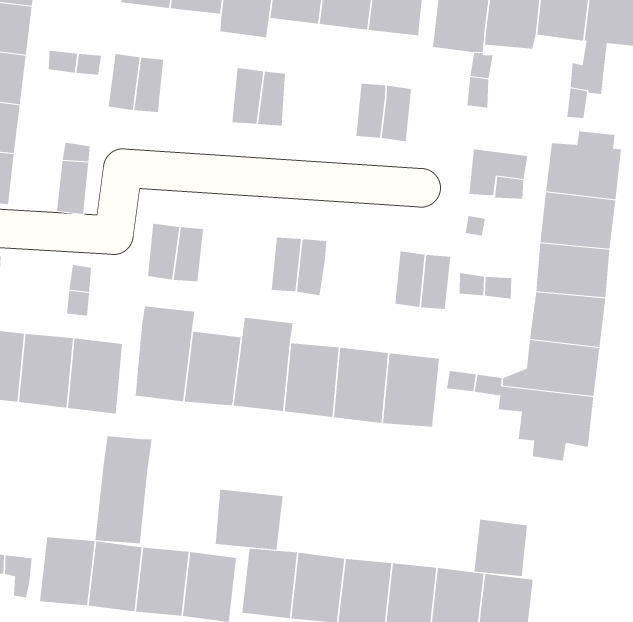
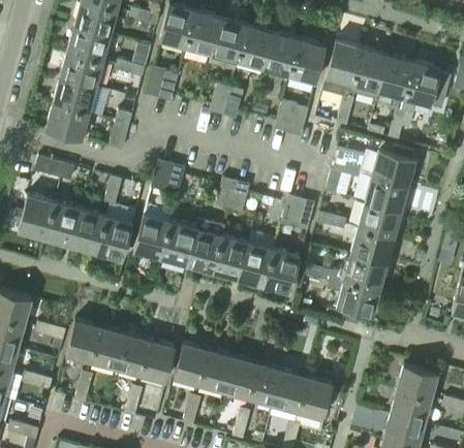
building: [95,435,152,544] -> none
building: [215,489,283,550] -> none
building: [474,519,528,577] -> none

